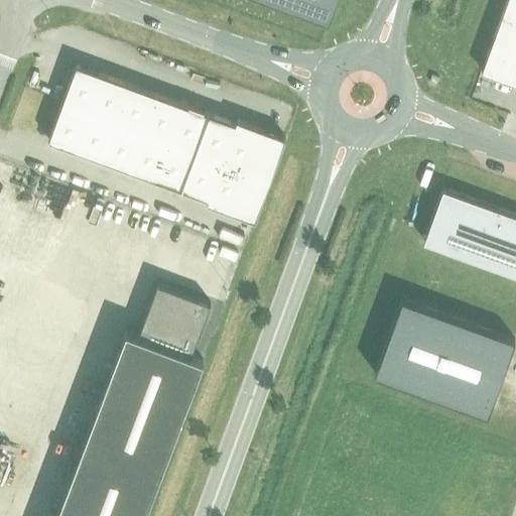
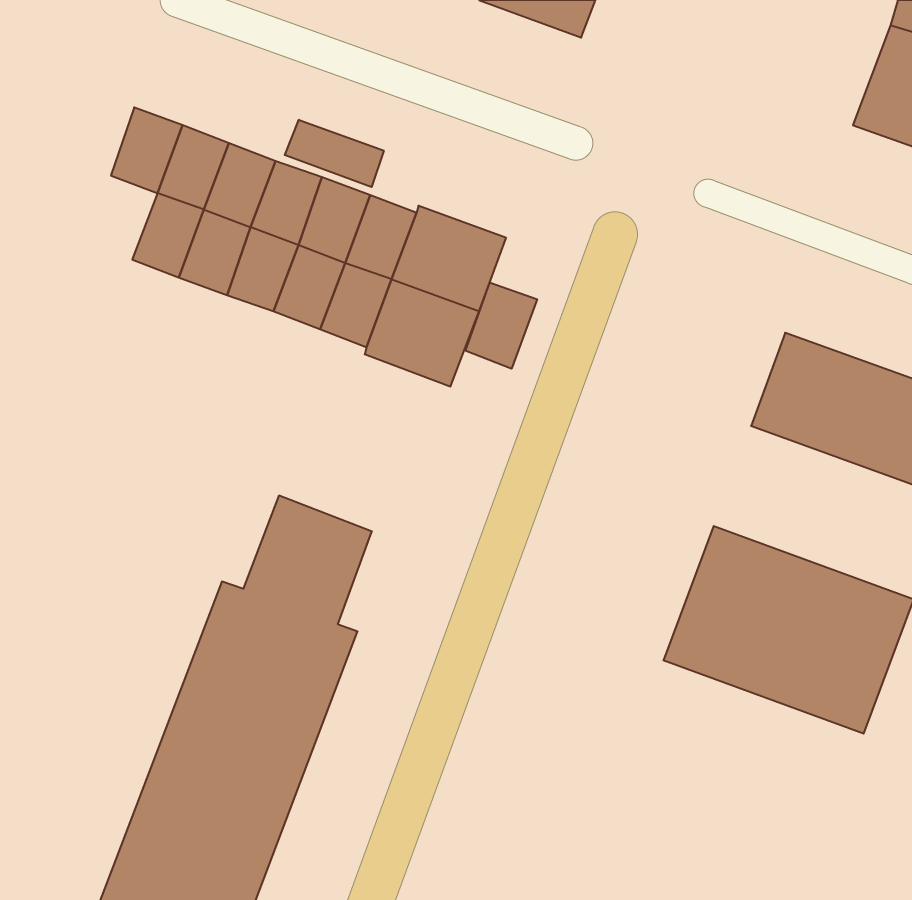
building: none -> [285,120,384,187]
building: [49,107,90,154] -> none
building: none -> [465,283,537,369]

